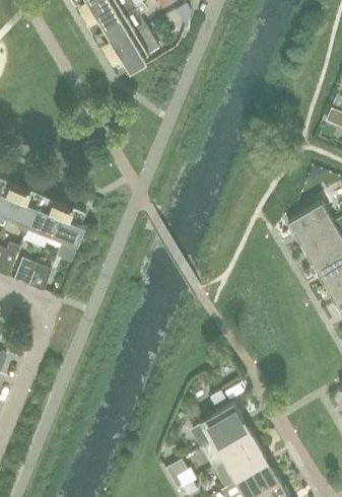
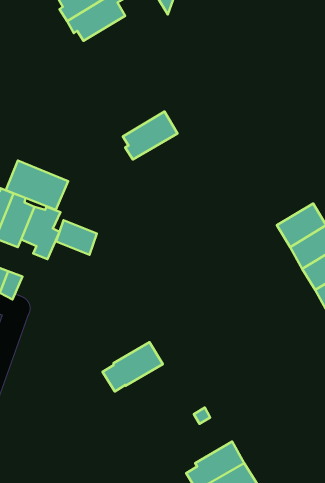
building: [108,27,158,72] -> [123,112,178,160]
building: none -> [6,160,68,210]
building: none -> [56,220,97,255]
building: [190,403,246,448] -> [103,342,163,391]

